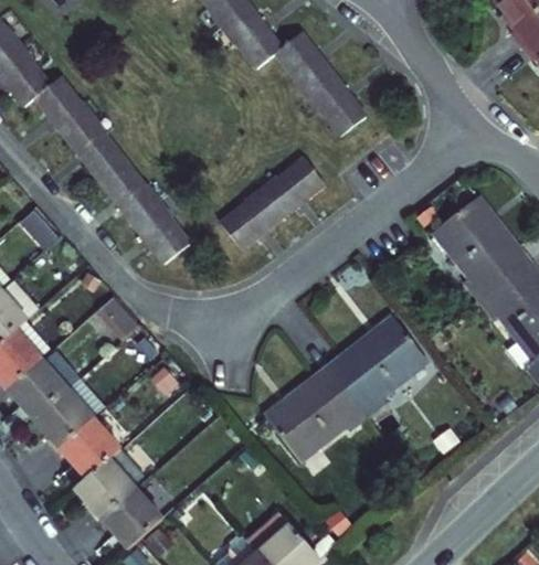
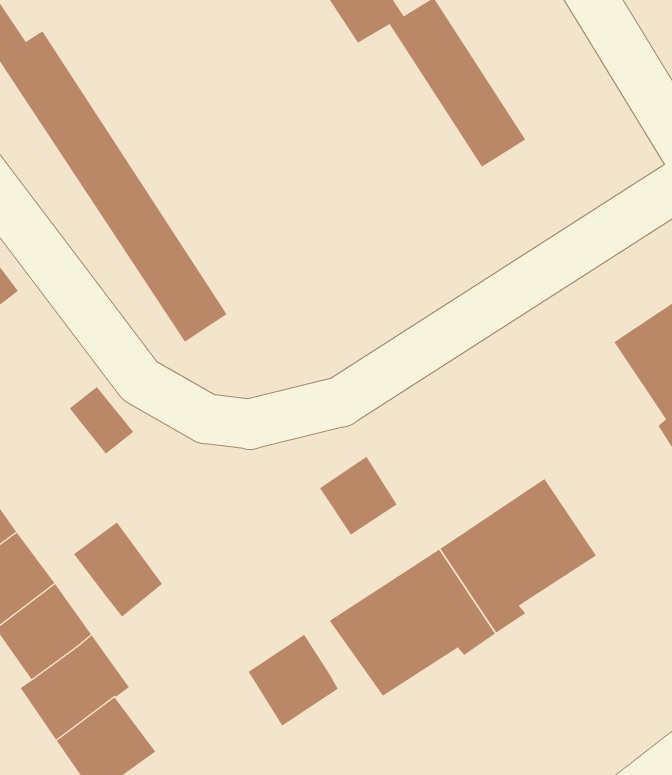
building: [220,153,324,244] -> none
building: none -> [319,456,398,535]
building: none -> [73,522,163,618]
building: none -> [248,634,338,727]

